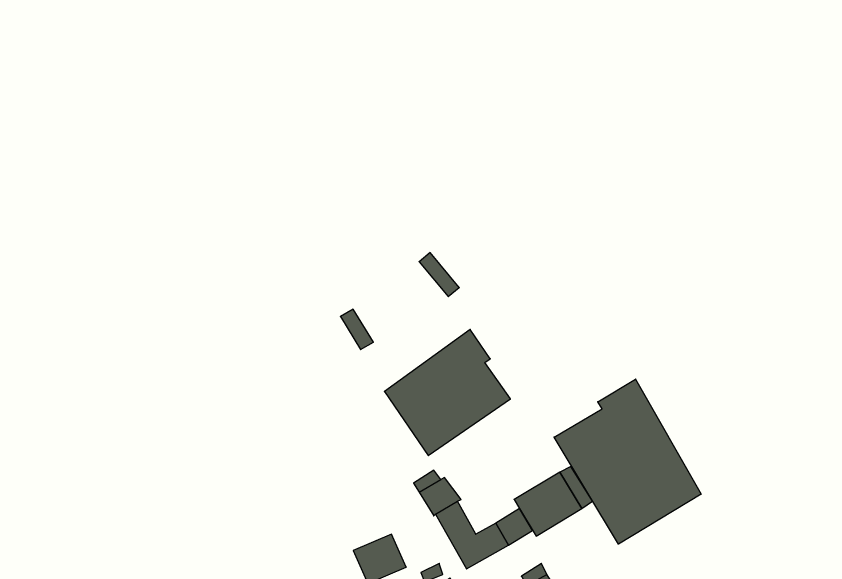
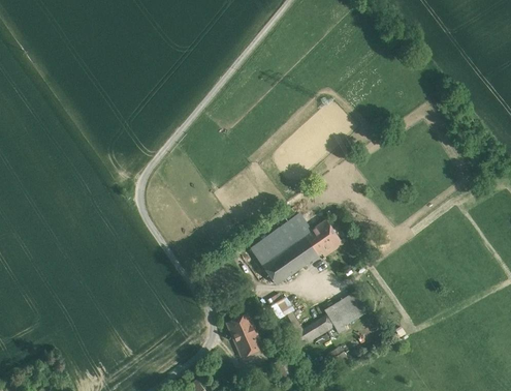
building: none -> [307,219,339,254]
building: [554,379,701,544] -> none
building: none -> [225,313,254,338]

